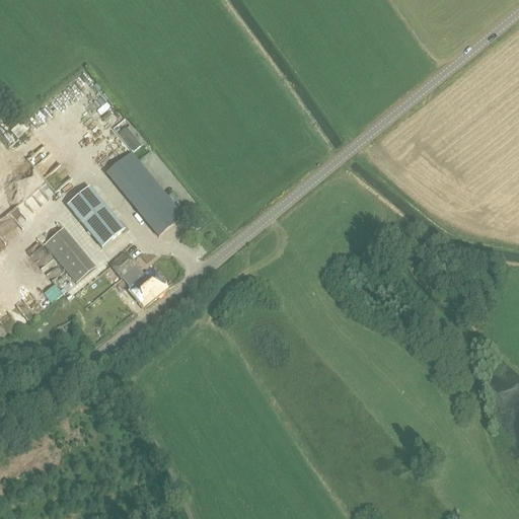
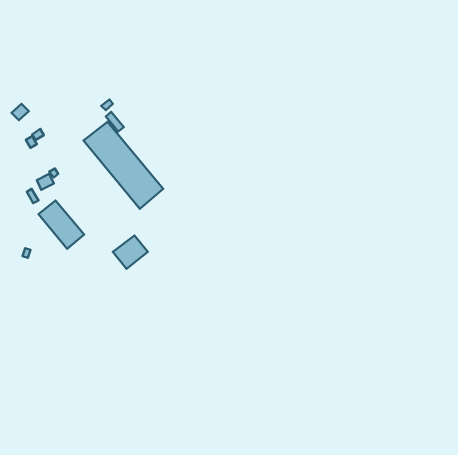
building: [66,186,124,246] -> none
building: [109,250,137,278] -> none

